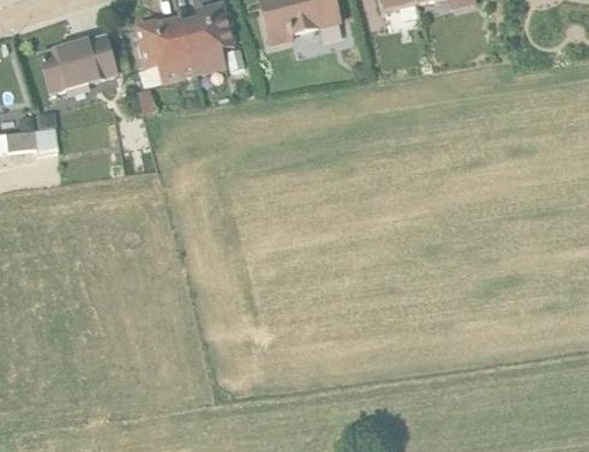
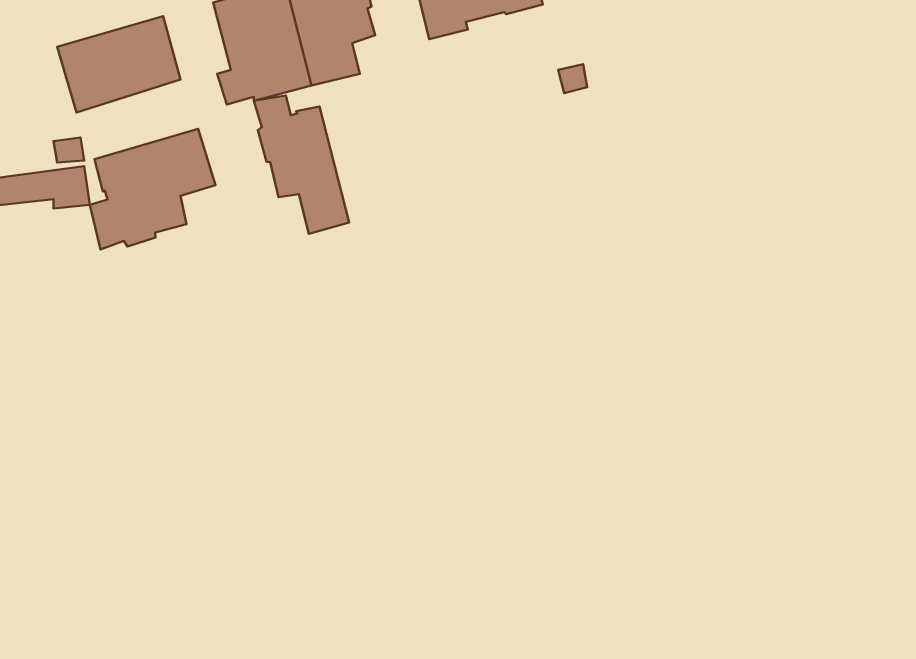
building: none -> [254,96,349,234]
building: none -> [90,129,216,249]

